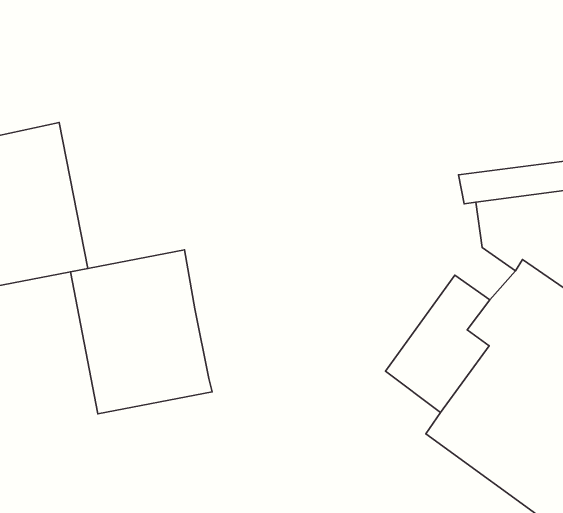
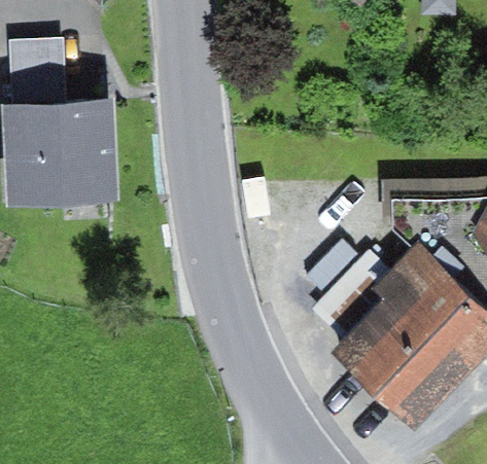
building: [70,250,212,414] -> none

